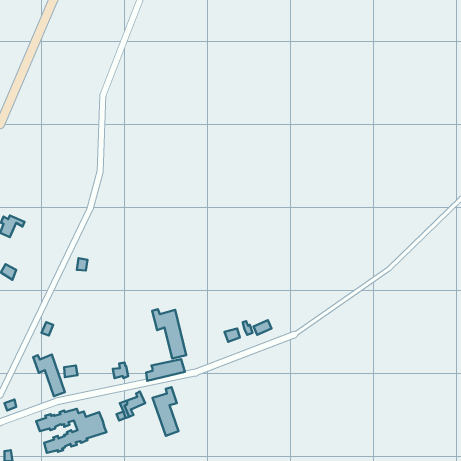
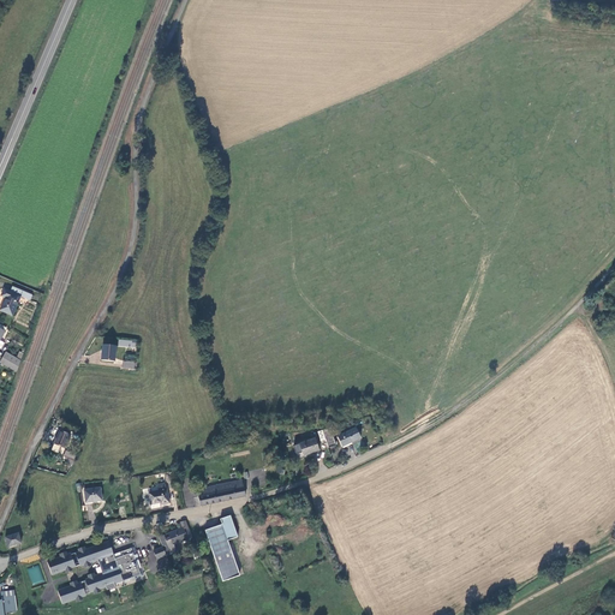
building: [152,309,186,359] -> none
building: [33,355,65,396] -> none

